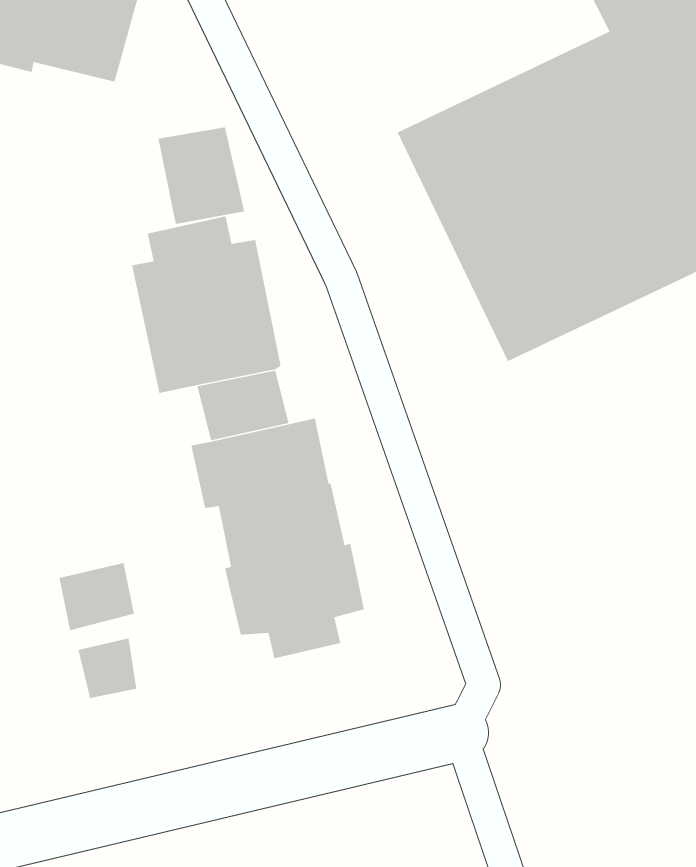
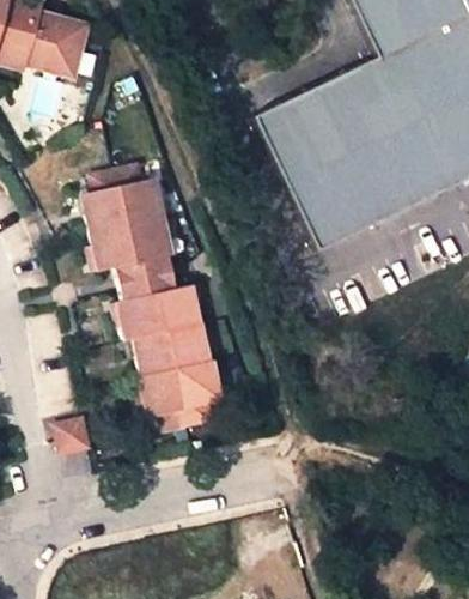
building: [158,126,245,225] -> none
building: [58,562,135,631] -> none

